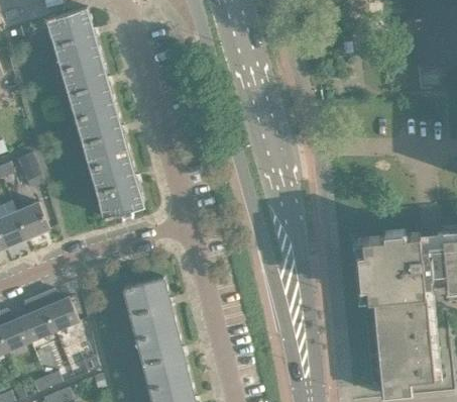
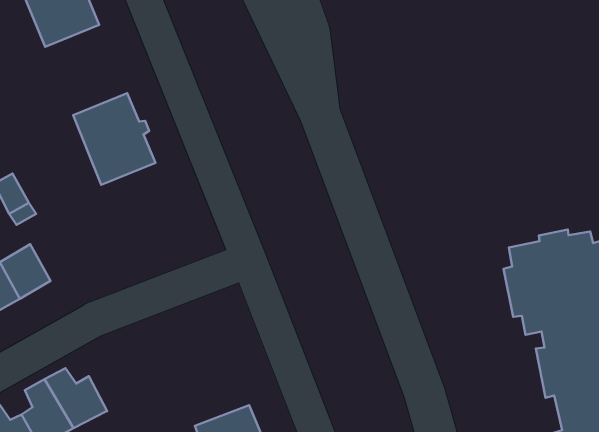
building: [62,60,114,119] -> none
building: [90,158,142,220] -> none
building: [123,280,175,339] -> none

